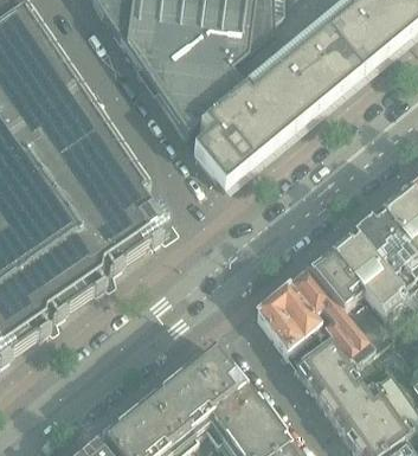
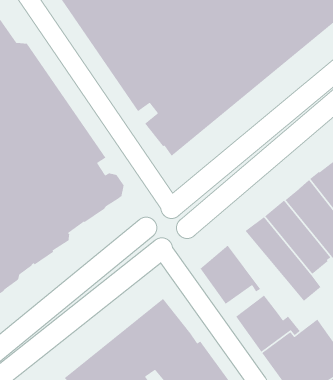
building: [288,269,374,370] -> none

